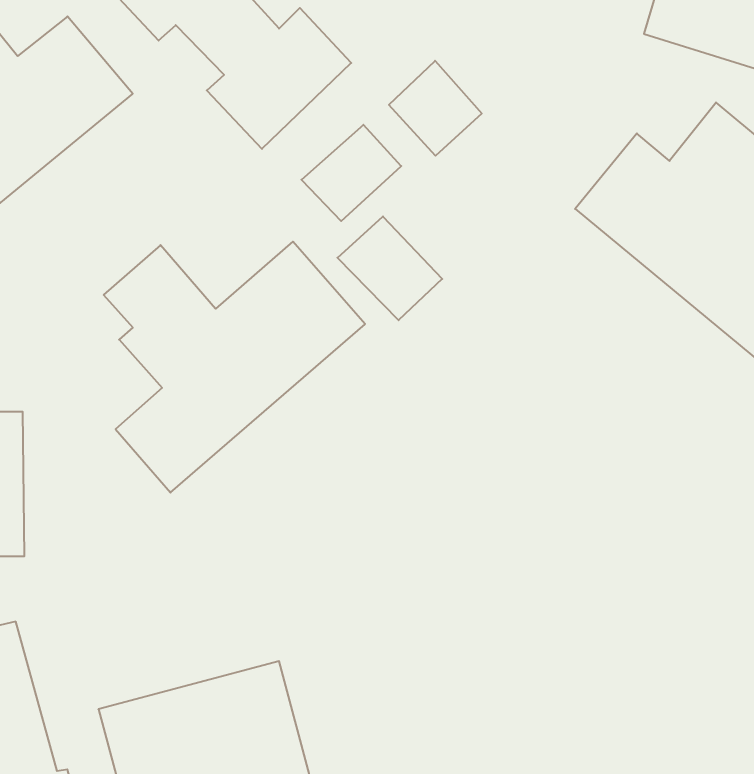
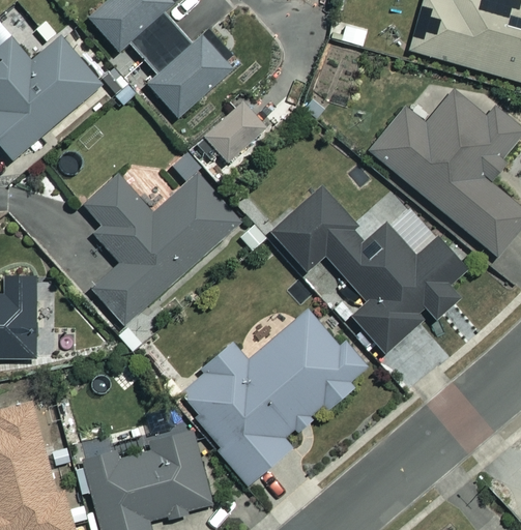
building: [389,61,482,156] -> none
building: [337,216,442,320] -> none
building: none -> [273,188,466,354]
building: none -> [179,307,371,485]

